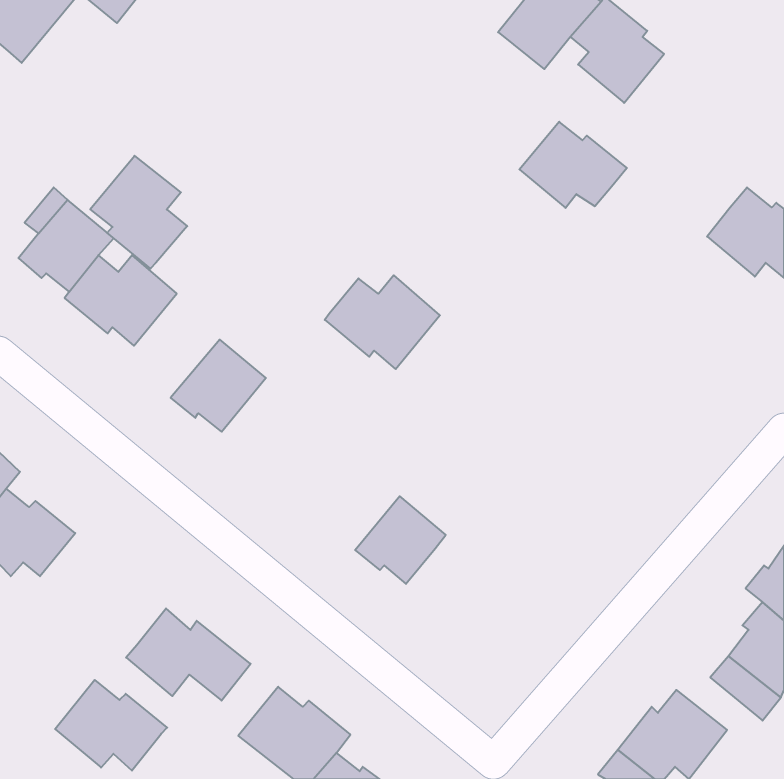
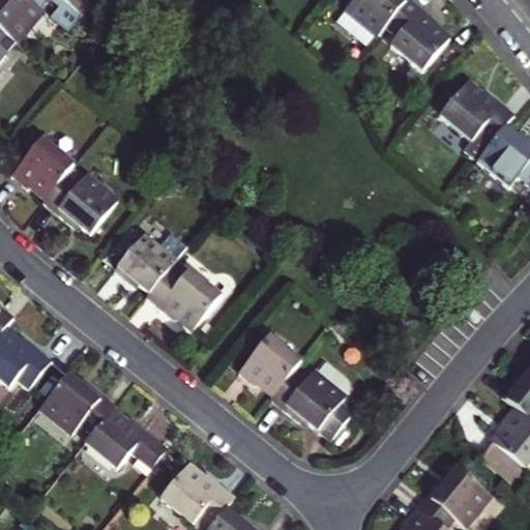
building: [519,122,627,208] -> [441,83,513,141]
building: [90,156,187,269] -> none
building: [325,275,440,369] -> [146,265,224,328]
building: none -> [270,370,353,440]
building: [55,680,167,771] -> [40,374,116,435]

